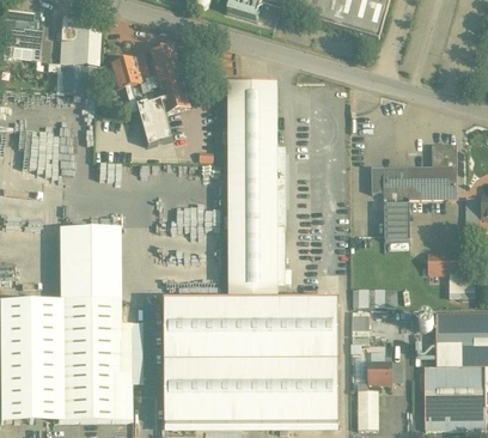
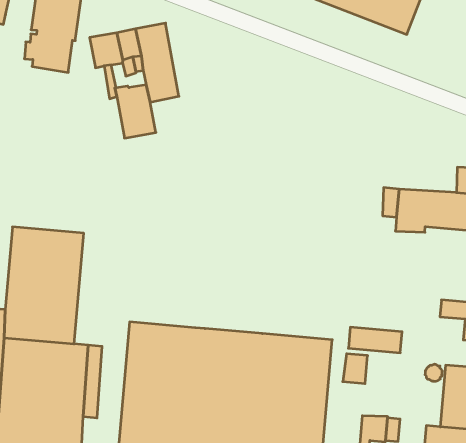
building: [227,80,283,299] -> none
building: [383,196,409,238] -> none

